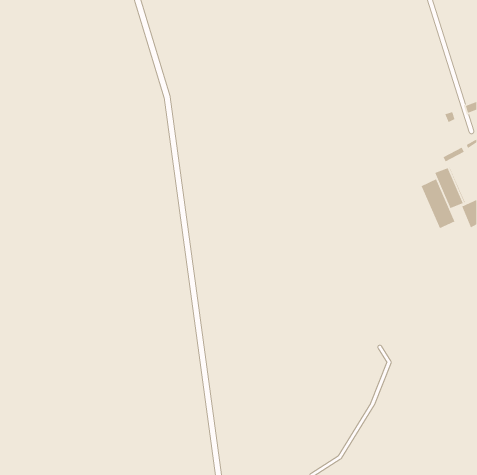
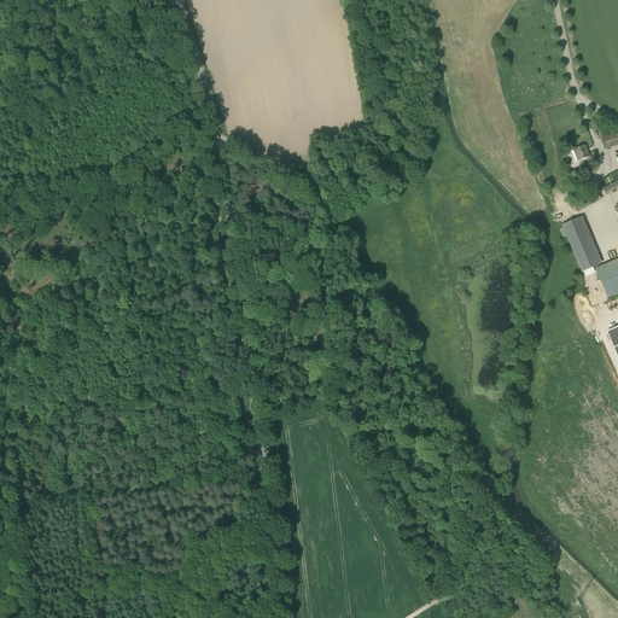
building: [421,178,455,229] -> none

